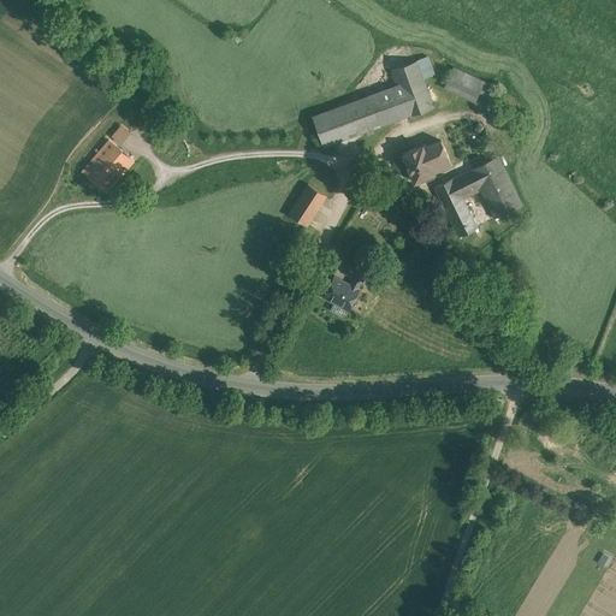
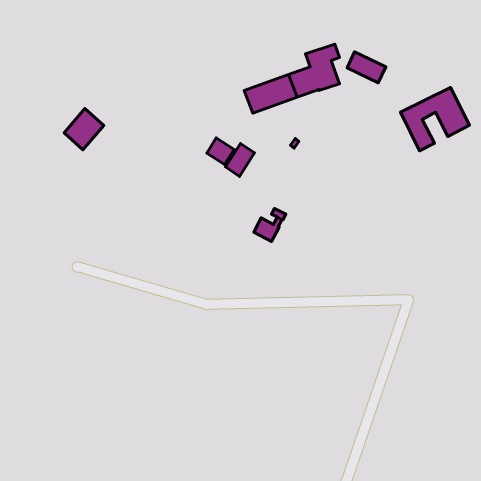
building: [402,141,451,183] -> none
building: [433,156,521,237] -> [401,88,469,151]
building: none -> [207,138,234,165]

